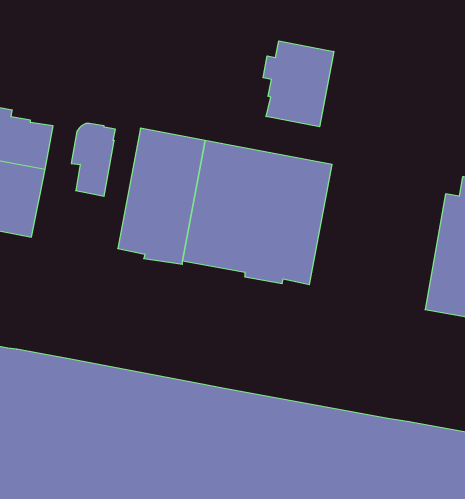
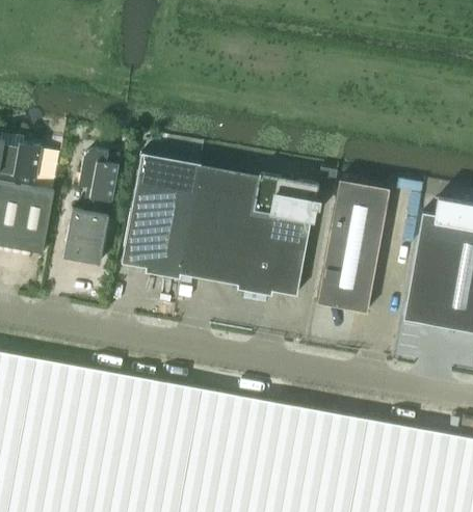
building: [263,41,334,127] -> none
building: none -> [316,180,389,314]
building: none -> [62,209,108,265]

